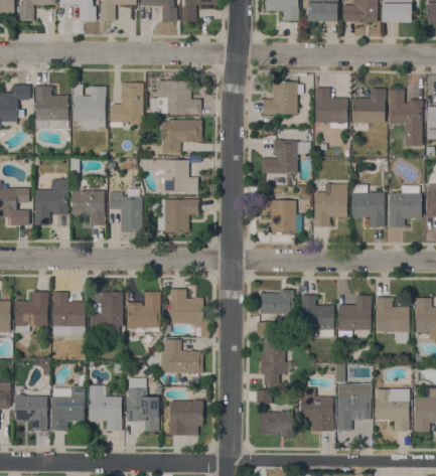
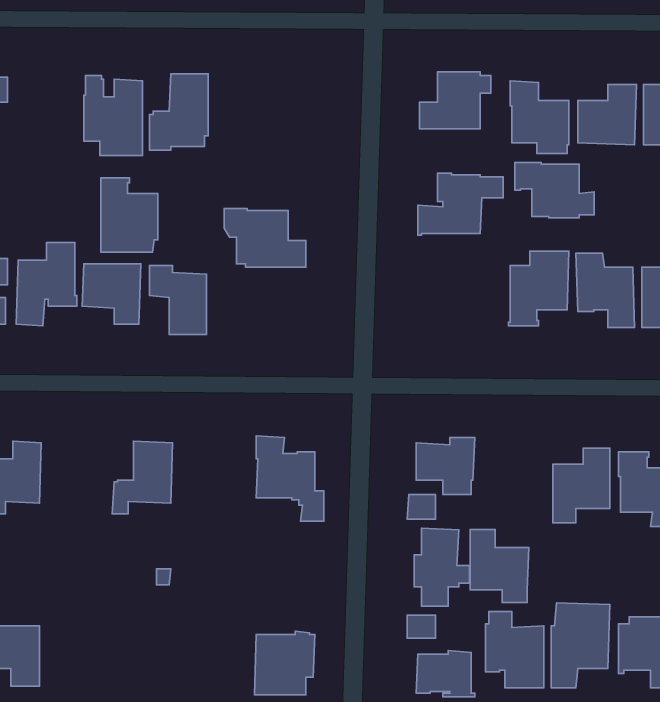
building: [157,81,201,114] -> none
building: [36,86,68,128] -> [101,178,158,252]
building: [160,119,201,153] -> none
building: none -> [515,163,594,218]
building: [157,198,198,231] -> none
building: [262,199,301,233] -> none
building: [51,291,85,335] -> none
building: [126,291,161,328] -> none
building: [301,295,334,336] -> [470,530,529,602]
building: [161,339,202,372] -> none
building: [126,377,159,431] -> none
building: [89,384,122,431] -> none
building: [50,387,85,430] -> none

